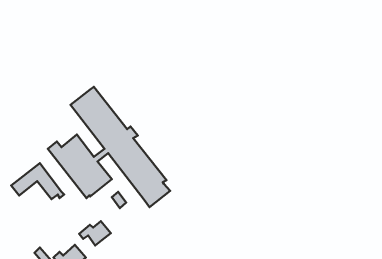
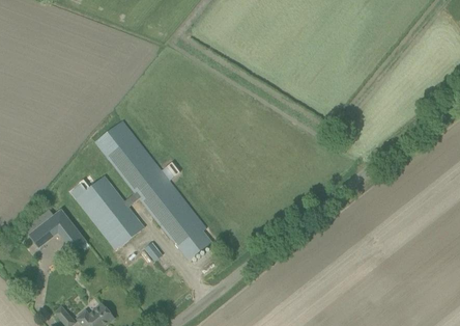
building: [79,221,111,246] -> none

